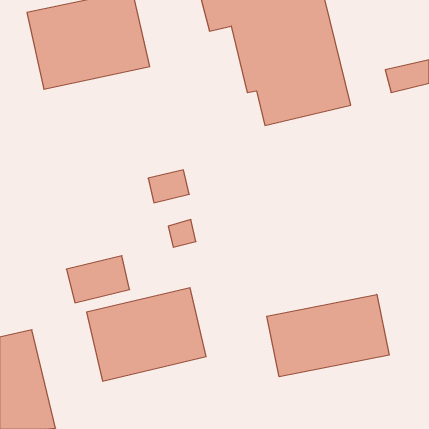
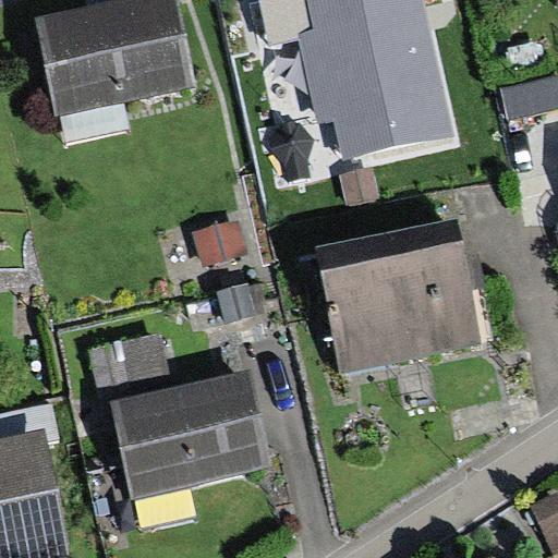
building: none -> [313,216,482,377]
building: [267,294,389,377] -> none

